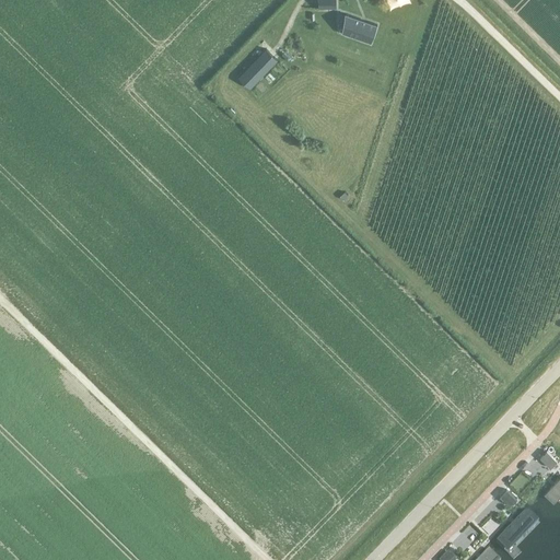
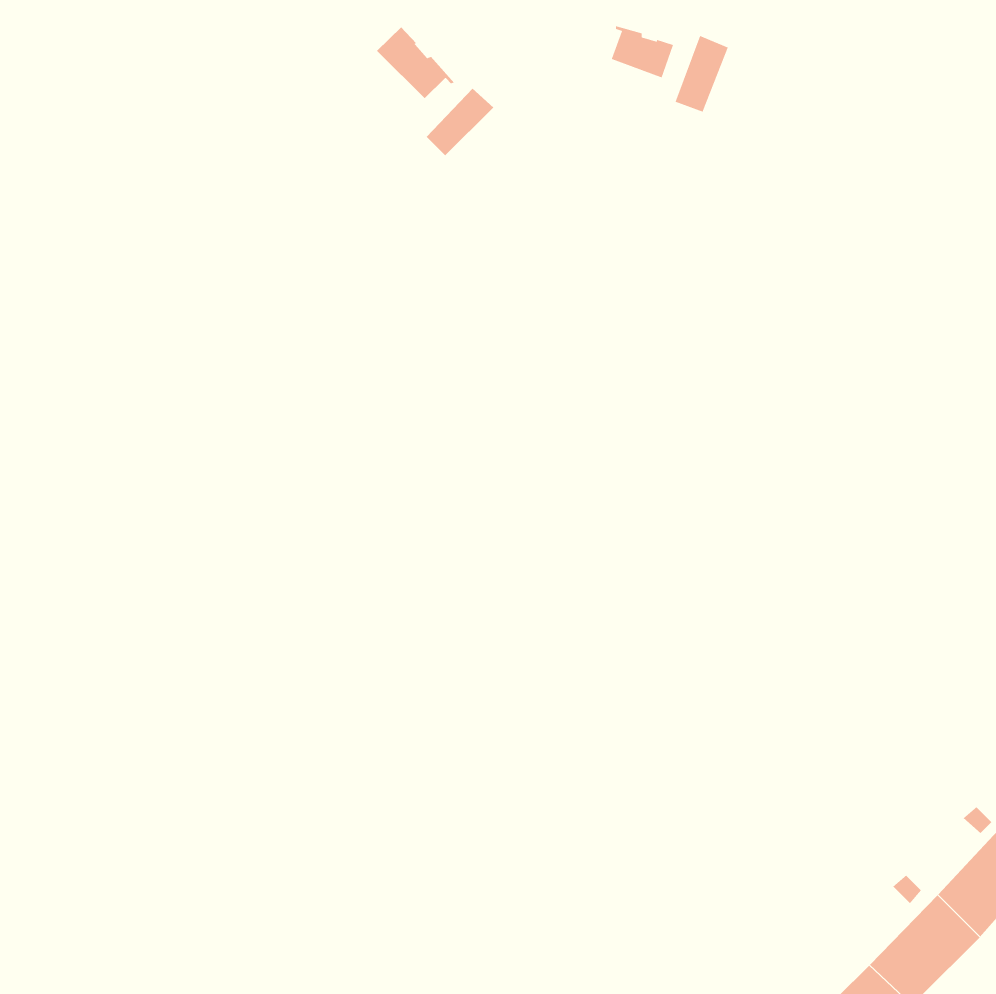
building: none -> [376,27,455,101]
building: none -> [675,35,728,112]

